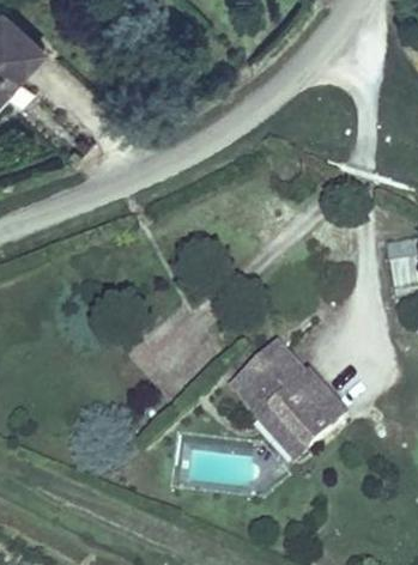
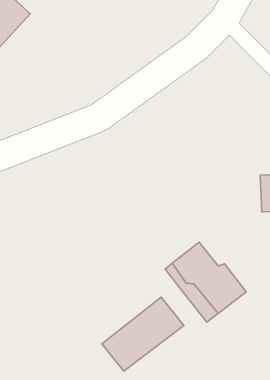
building: none -> [102,297,184,371]

